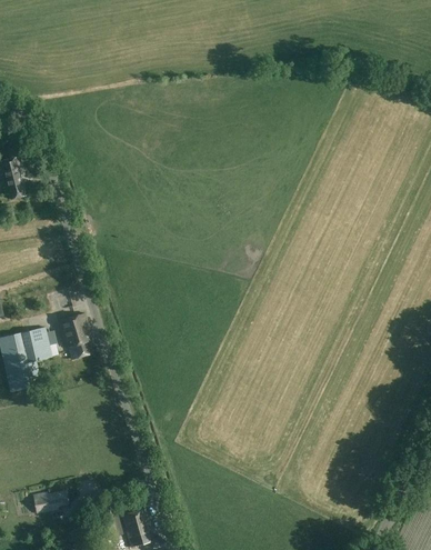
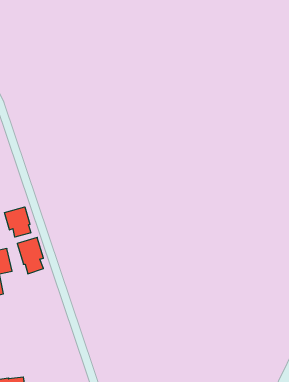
building: none -> [5,207,31,237]

